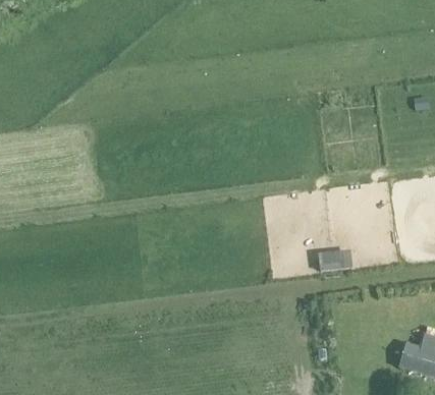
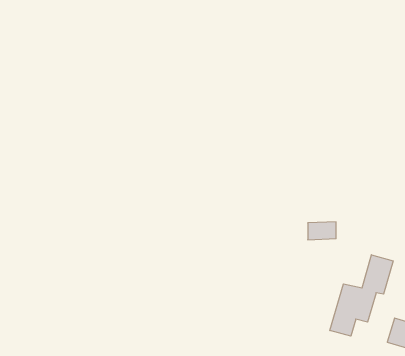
building: none -> [330,255,393,336]

